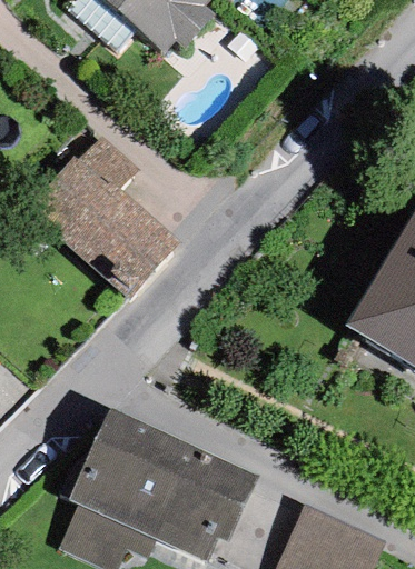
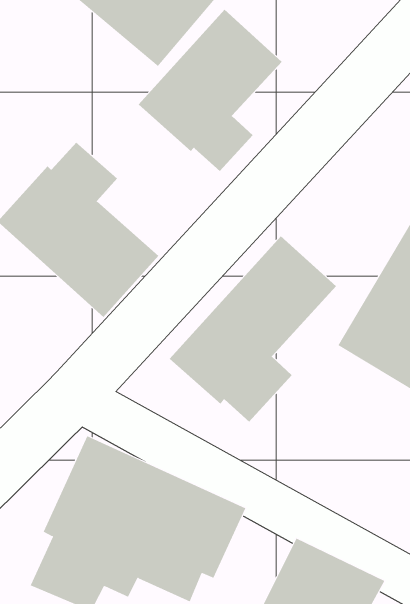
building: none -> [138,9,283,172]
building: none -> [169,235,337,422]

